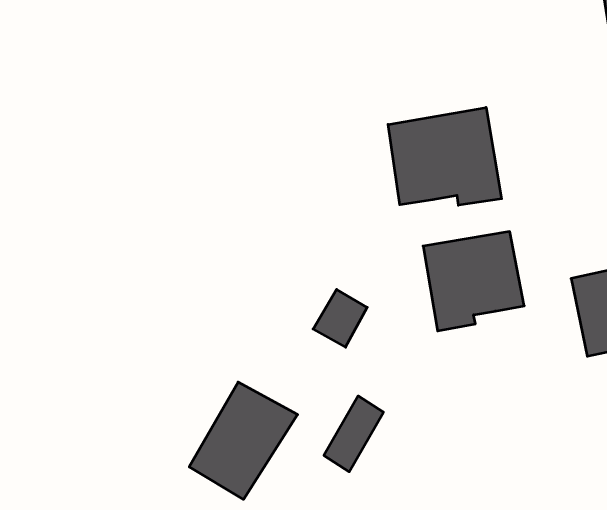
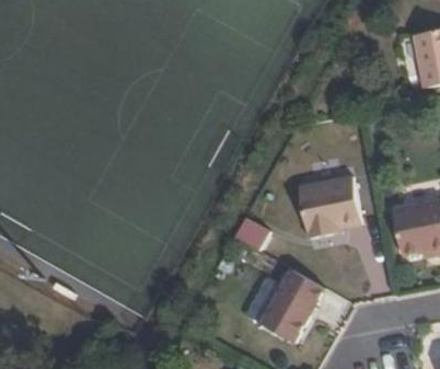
building: [388,107,502,205] -> none
building: [189,382,298,499] -> [262,267,327,338]

